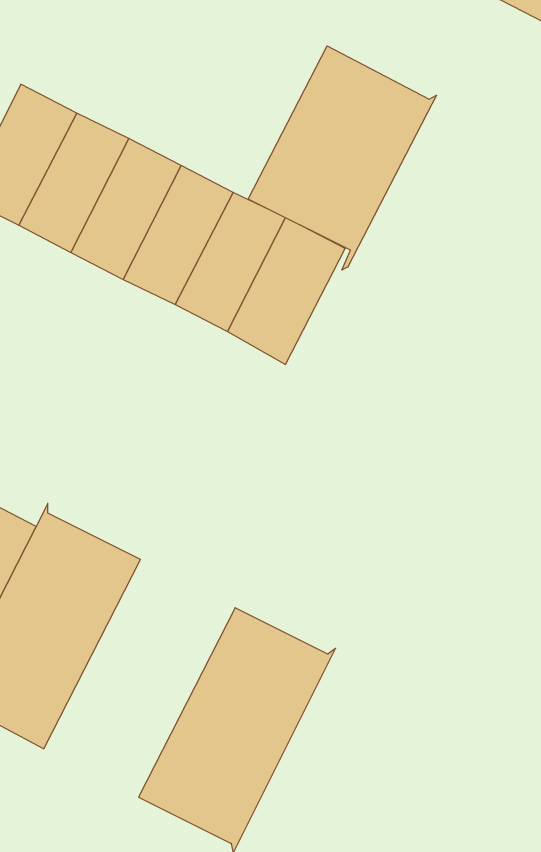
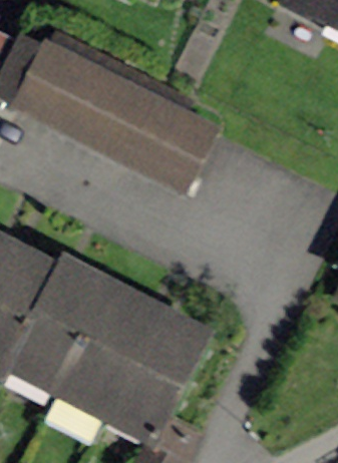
building: [248,46,437,270] -> none
building: none -> [55,292,154,415]

